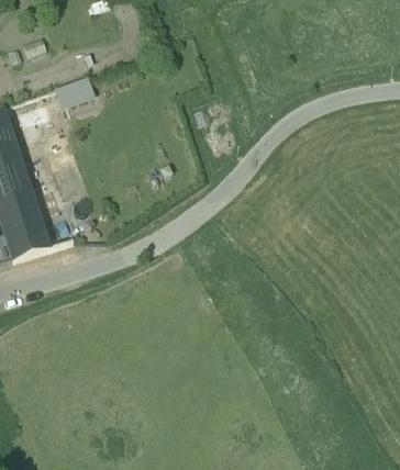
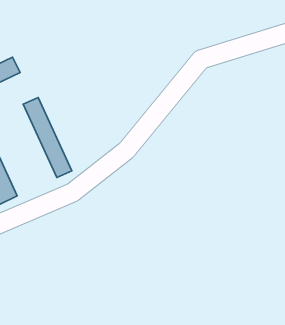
building: none -> [23,98,72,177]

